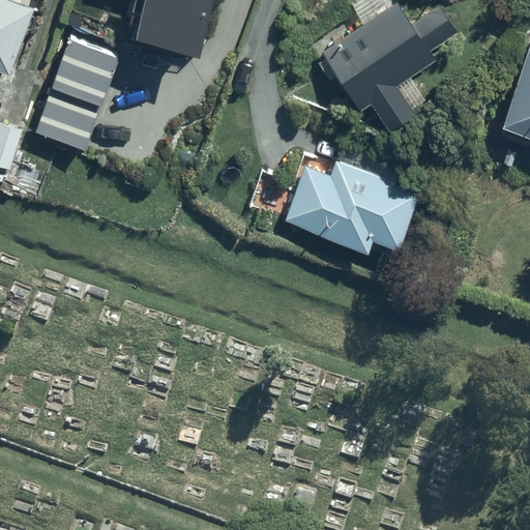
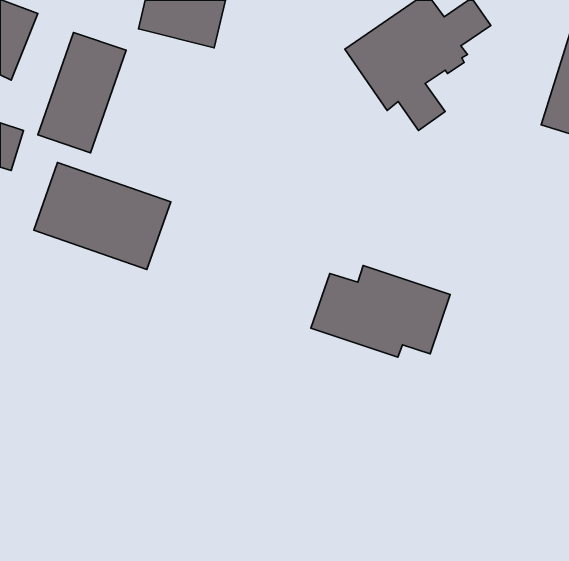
building: none -> [34,163,171,269]
building: [286,164,415,248] -> [311,266,450,357]

